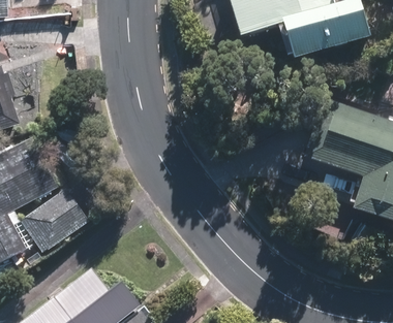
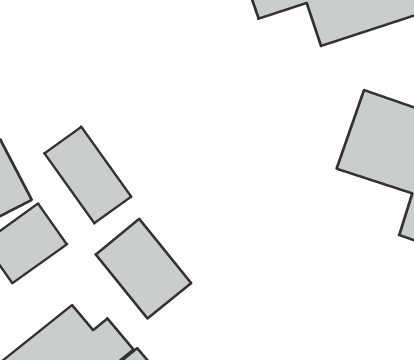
building: none -> [44,127,131,223]
building: none -> [96,219,191,318]

